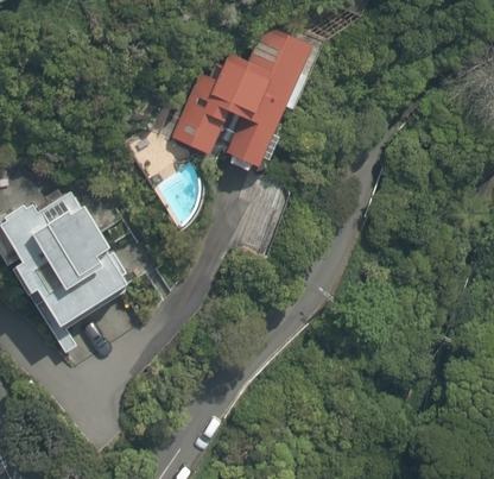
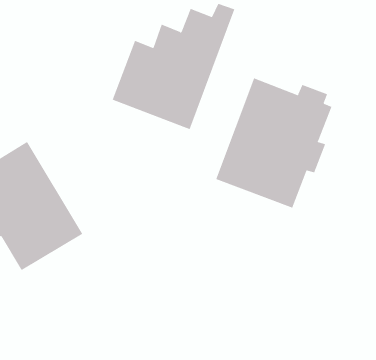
building: none -> [215,77,332,208]

